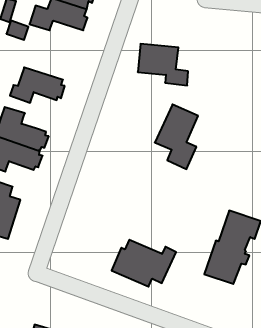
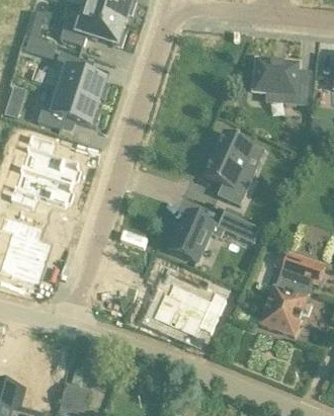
building: none -> [54,52,108,102]
building: [138,44,188,85] -> [253,58,311,105]
building: none -> [171,211,261,260]

